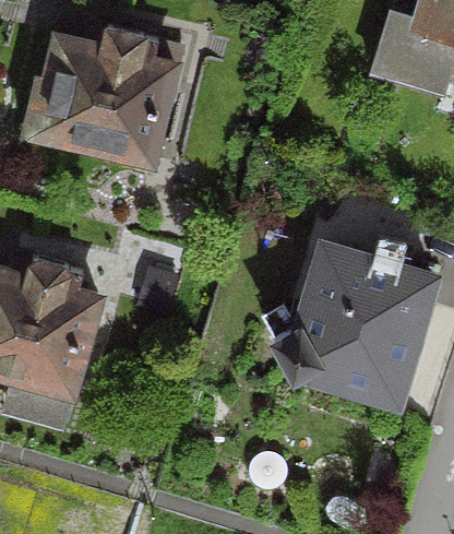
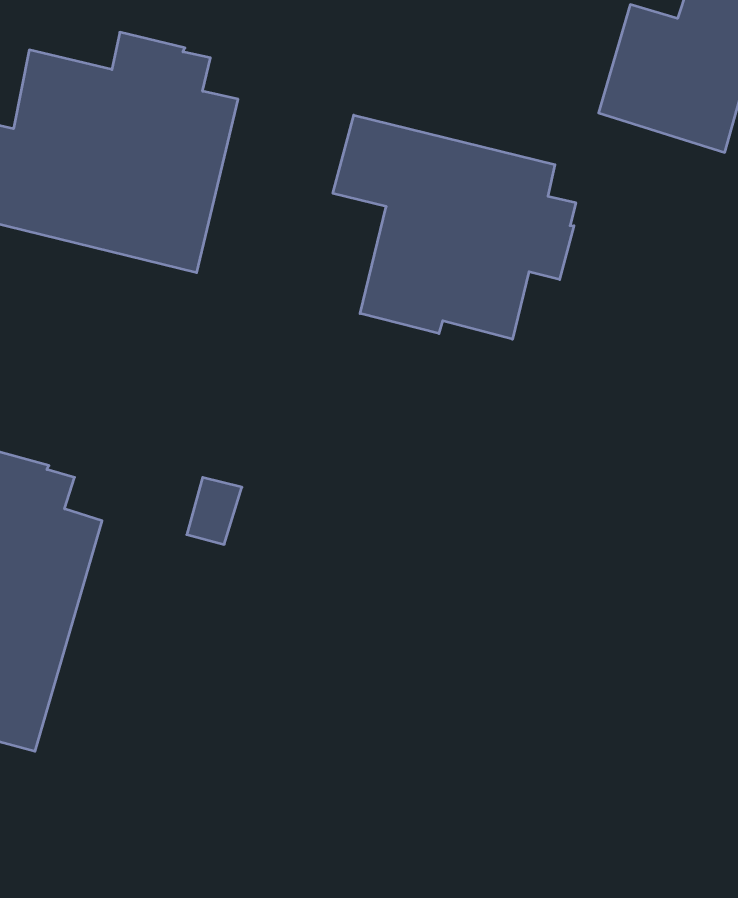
building: none -> [333,115,576,339]
building: [276,246,434,400] -> none

